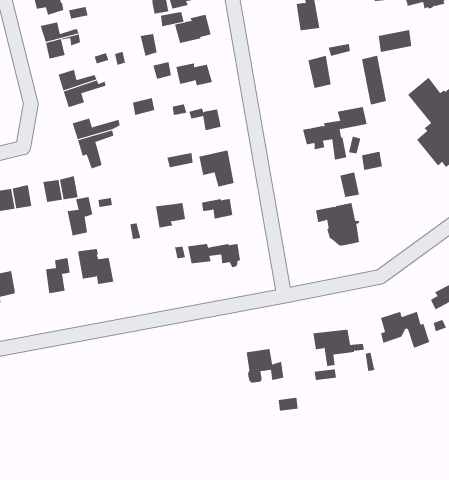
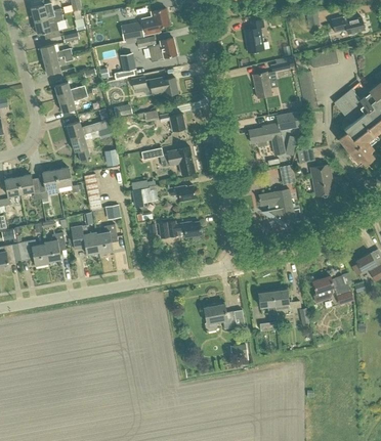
building: none -> [311,164,334,196]
building: [66,197,93,236] -> [95,222,117,254]
building: none -> [17,239,47,265]

